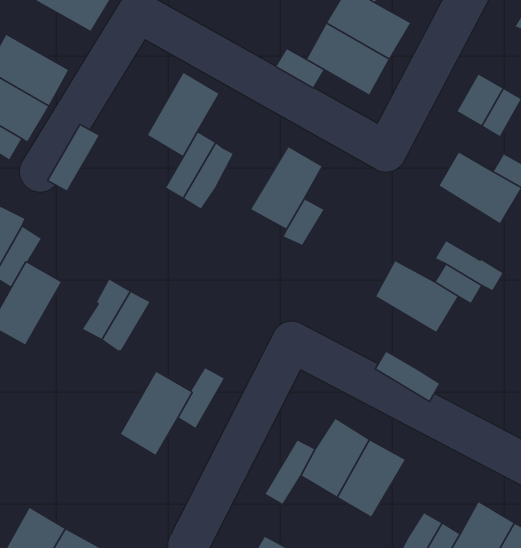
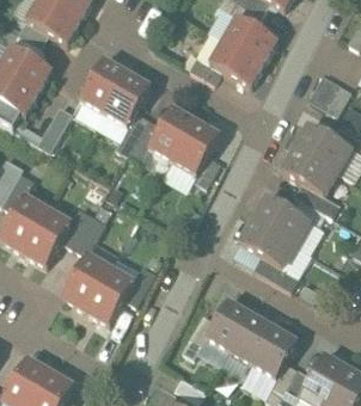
building: none -> [80,57,128,112]
building: none -> [149,105,197,161]
building: none -> [282,146,337,195]
building: none -> [24,209,72,265]
building: none -> [240,219,295,266]
building: none -> [62,254,110,309]
building: none -> [252,326,299,377]

